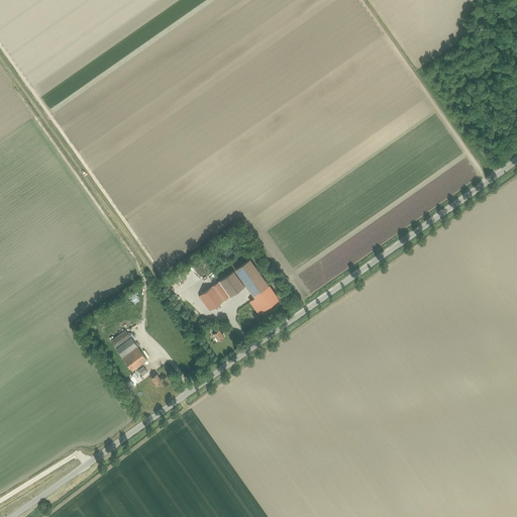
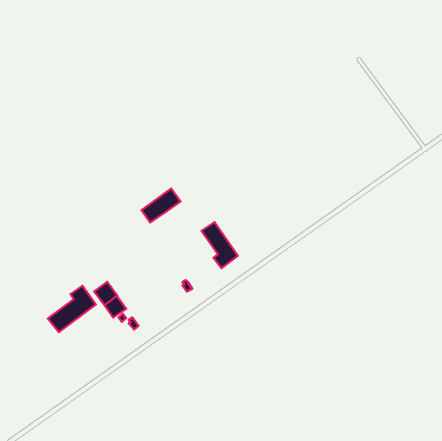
building: [199,272,244,311] -> [142,189,181,222]
building: none -> [48,286,96,332]

